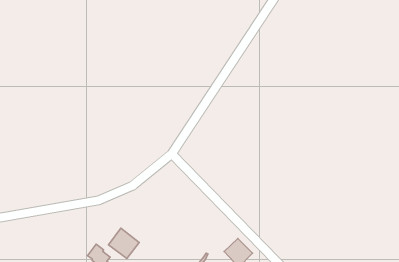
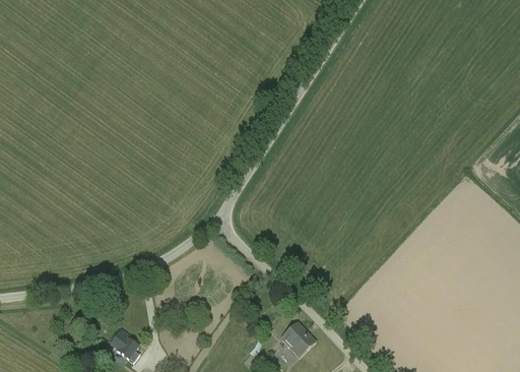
building: [109,228,139,258] -> none

